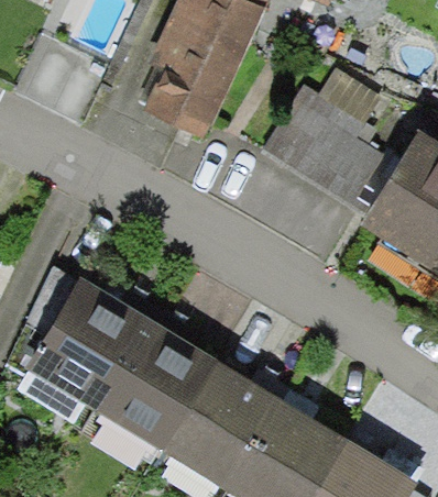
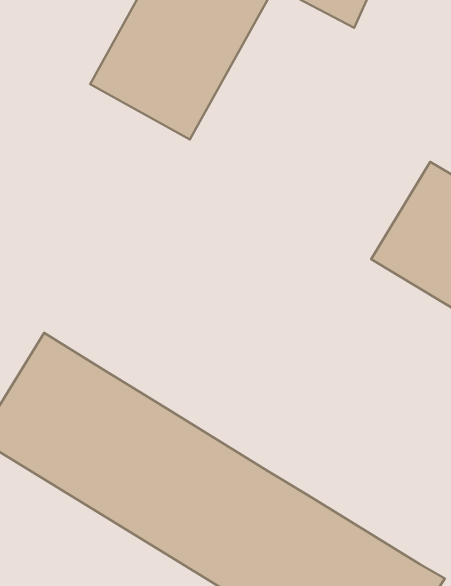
building: [263,79,398,210] -> none

